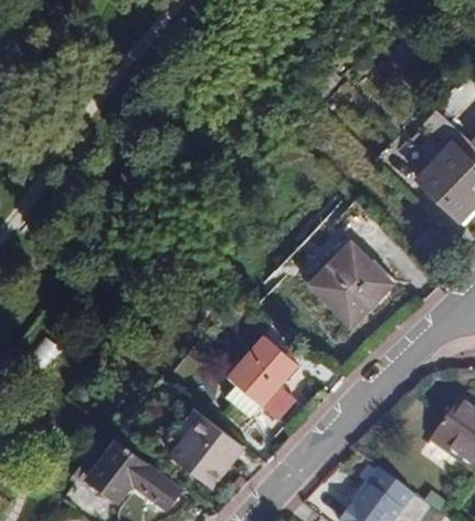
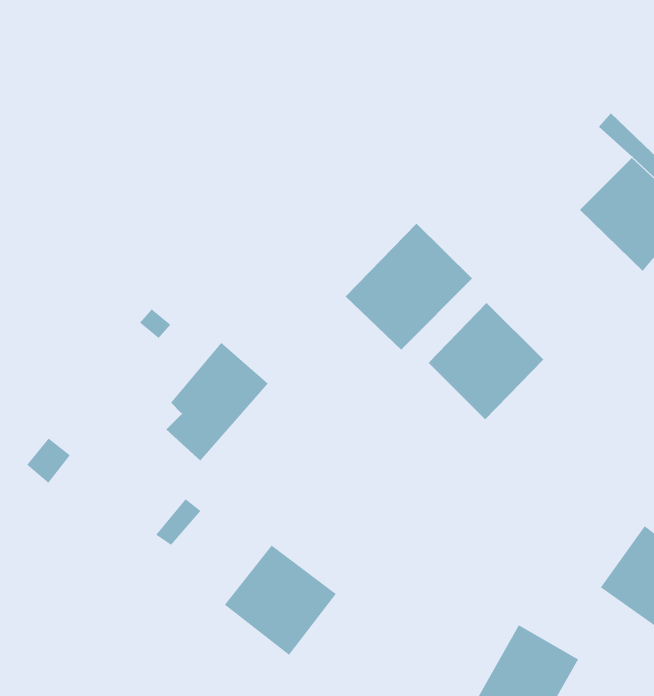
building: none -> [345,223,473,351]
building: [225,335,297,418] -> [165,342,269,461]
building: [86,438,182,510] -> none

